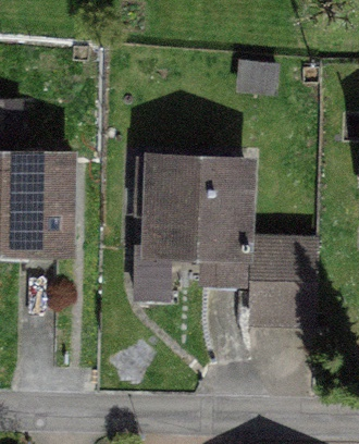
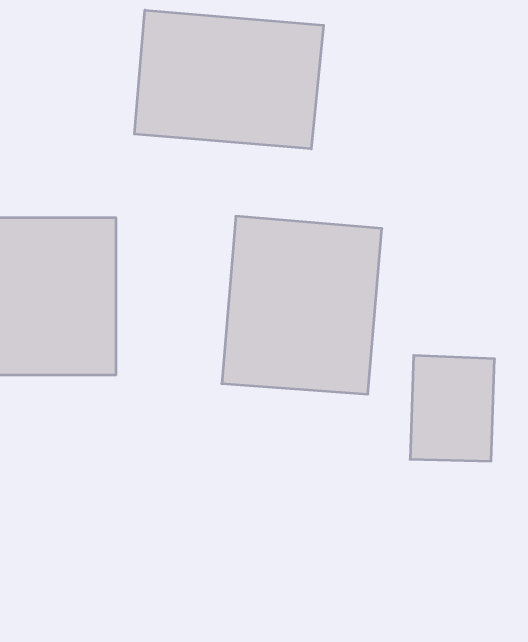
building: none -> [134,10,324,149]

